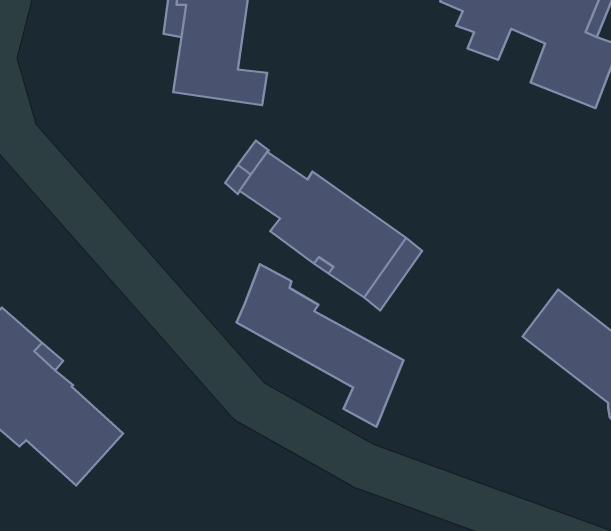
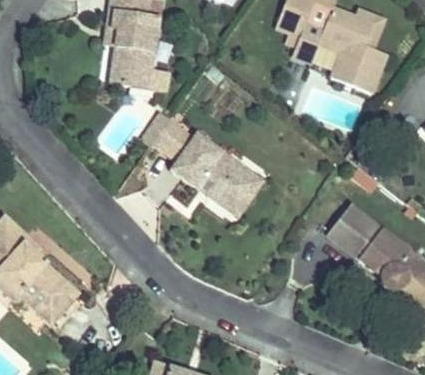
building: [237,264,403,427] -> none

